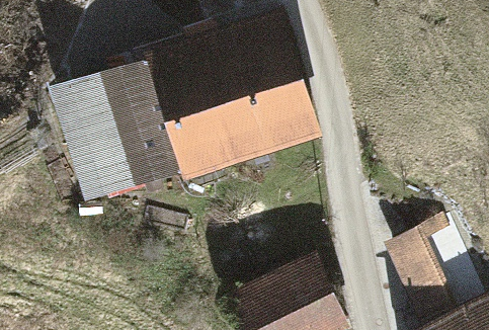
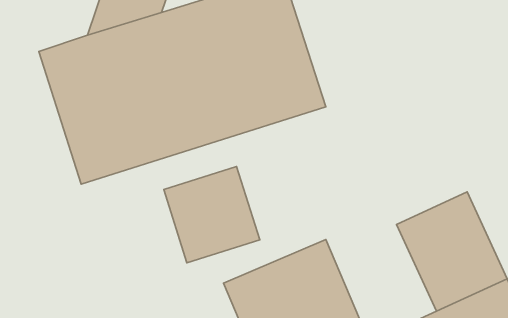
building: none -> [164,166,260,263]

